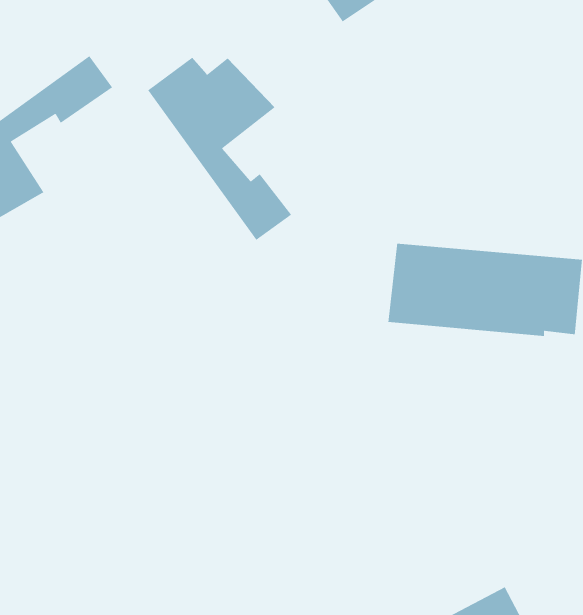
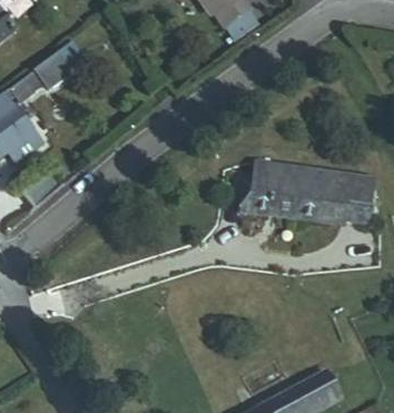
building: [147,57,292,241] -> none

